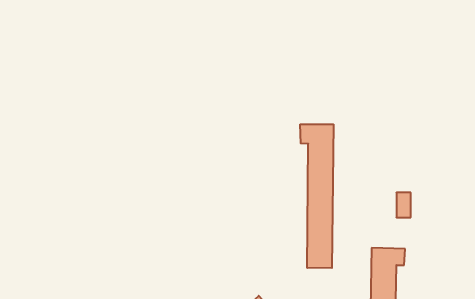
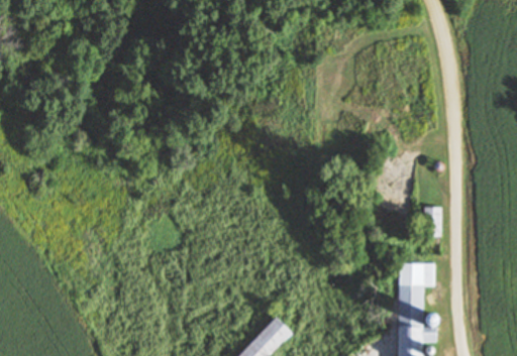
building: [300,124,333,268] -> none

